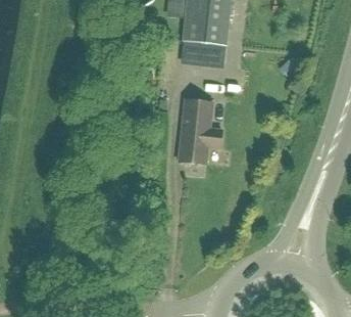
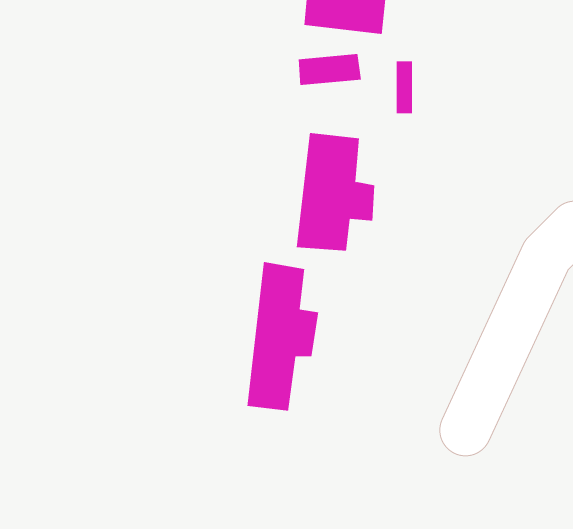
building: none -> [247,261,319,412]

